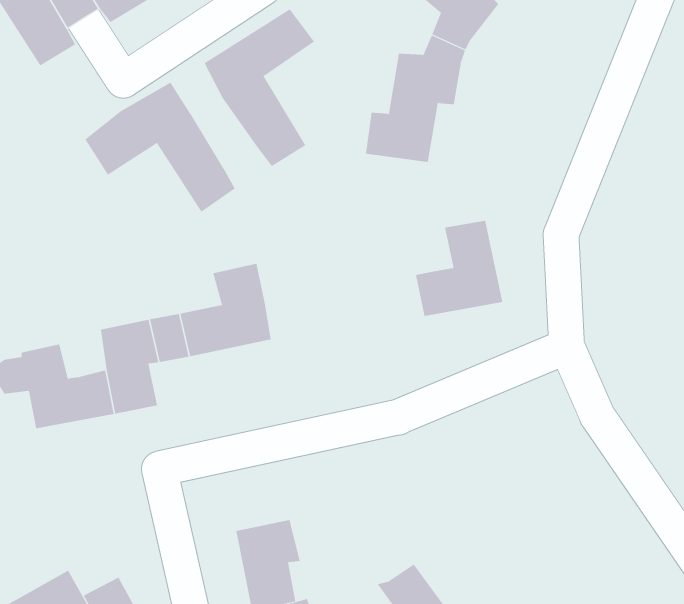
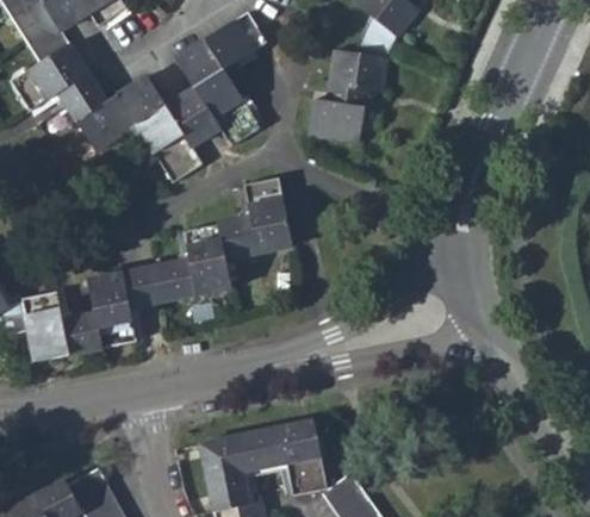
building: none -> [11,43,105,122]
building: none -> [166,88,218,145]
building: [415,220,503,317] -> [218,179,291,258]
building: none -> [246,423,327,494]

